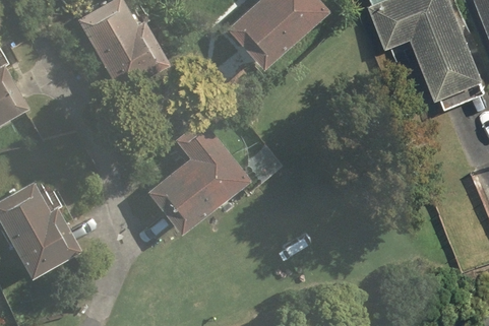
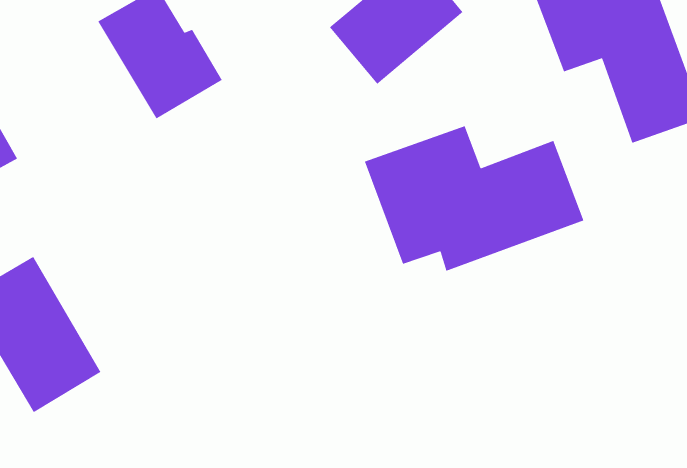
building: none -> [364,125,585,272]
building: [146,121,249,236] -> none

